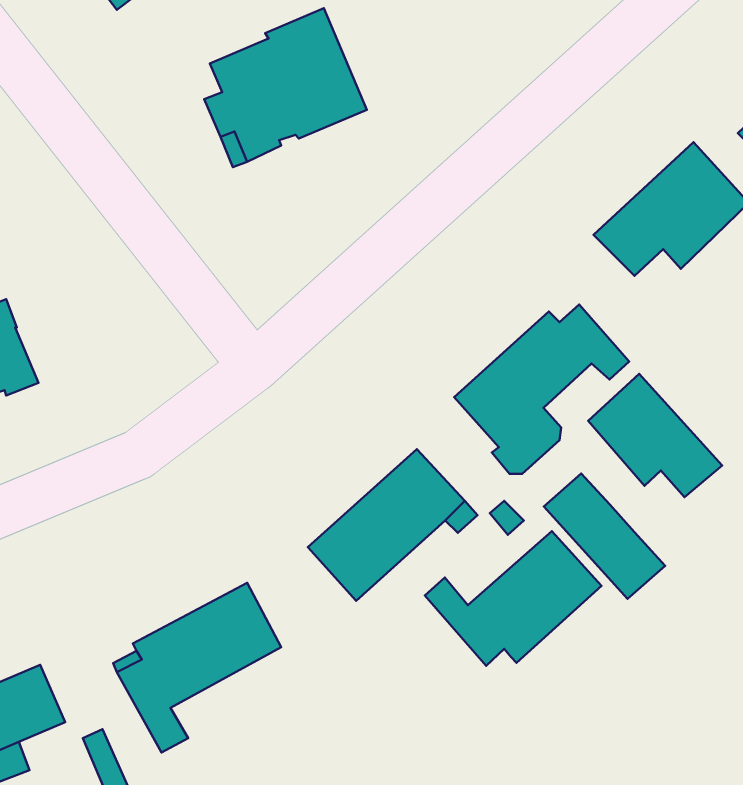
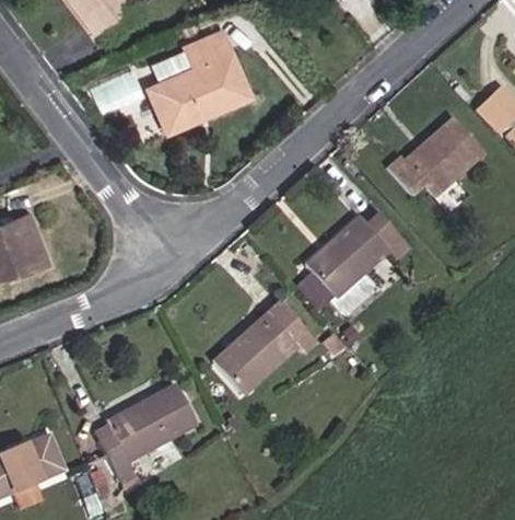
building: [588,374,722,497] -> none
building: [544,474,665,599] -> none
building: [425,531,601,666] -> none

